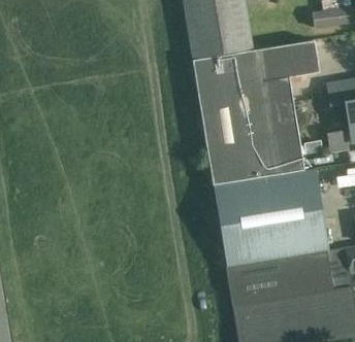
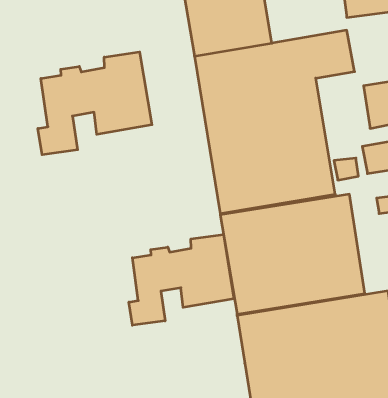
building: none -> [38,52,152,155]
building: none -> [129,234,234,325]

